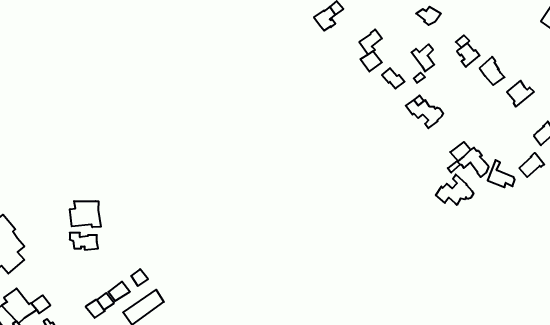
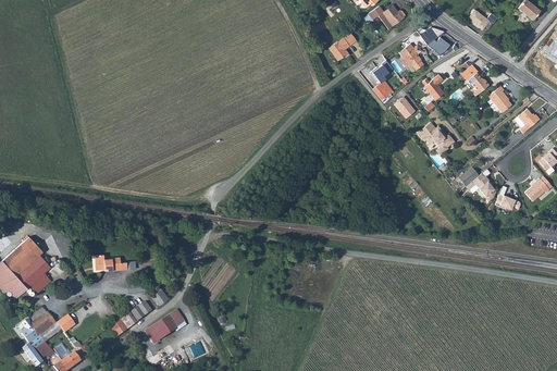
building: none -> [399,41,424,71]
building: [436,174,473,205] -> none
building: [70,201,101,227] -> none

